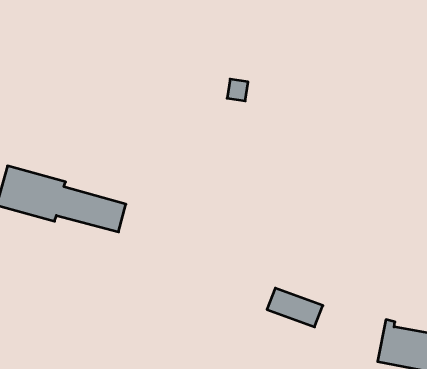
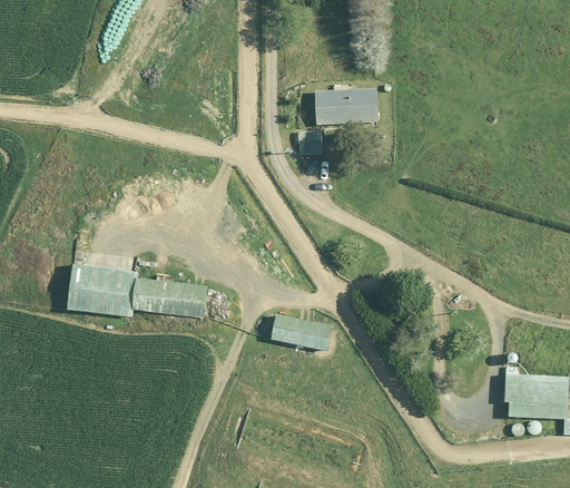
building: none -> [316,89,379,126]
building: [267,288,323,327] -> [272,314,332,350]

